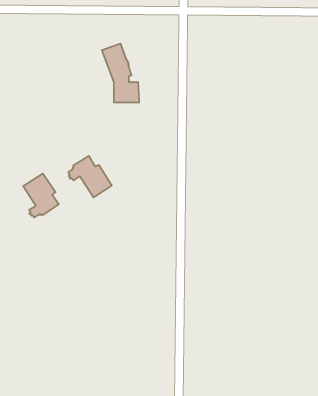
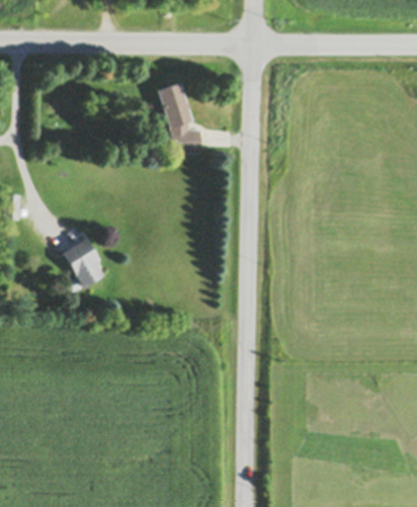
building: [68,156,112,198] -> none

